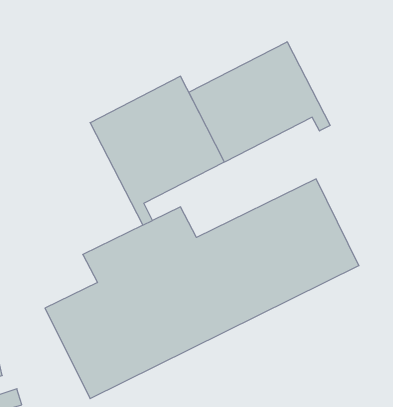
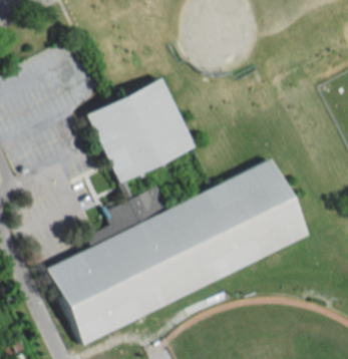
building: [189,42,330,162] -> none

